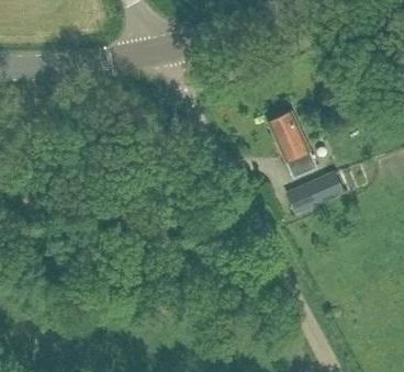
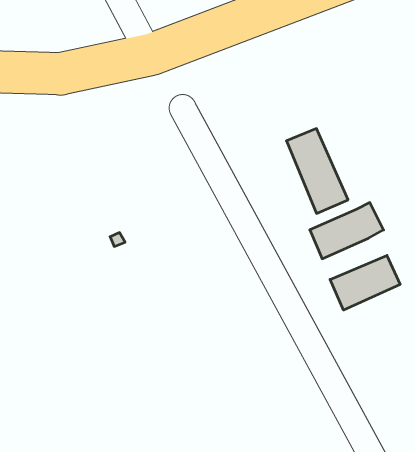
building: none -> [330,255,400,310]

